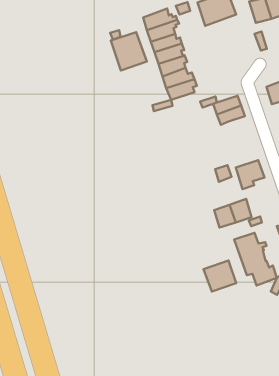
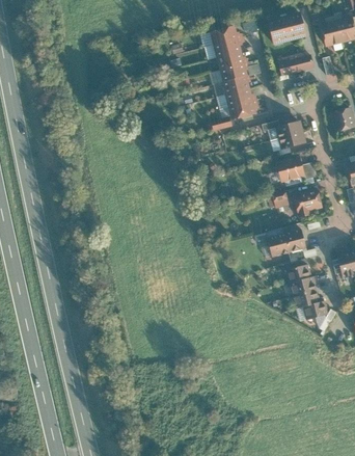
building: none -> [278,54,315,77]
building: [111,32,147,70] -> none
building: none -> [274,156,315,184]
building: [204,260,236,291] -> none

